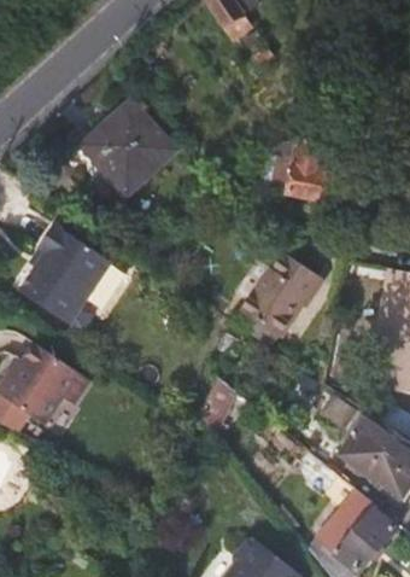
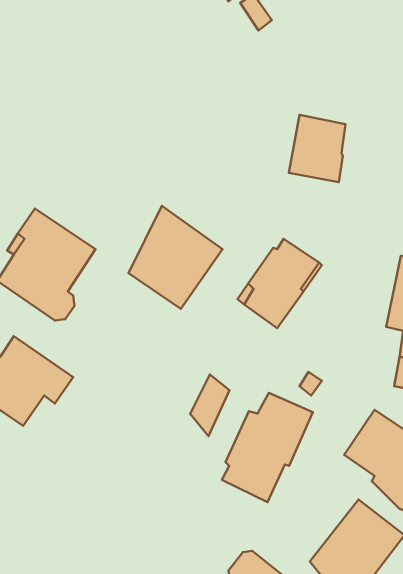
building: [83,105,168,190] -> none
building: none -> [129,206,223,309]
building: none -> [222,393,313,502]

